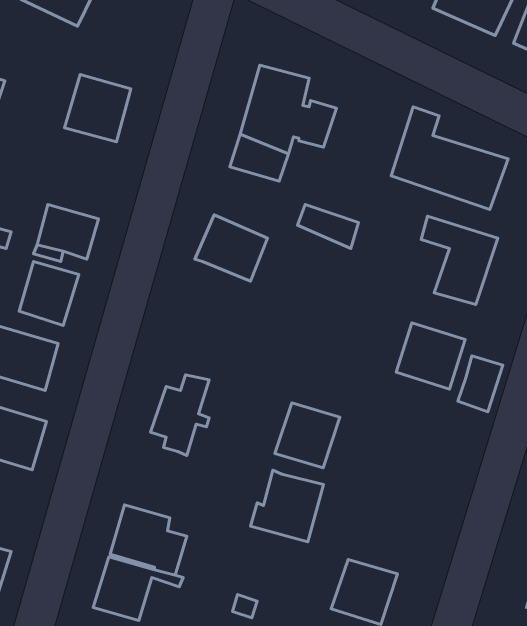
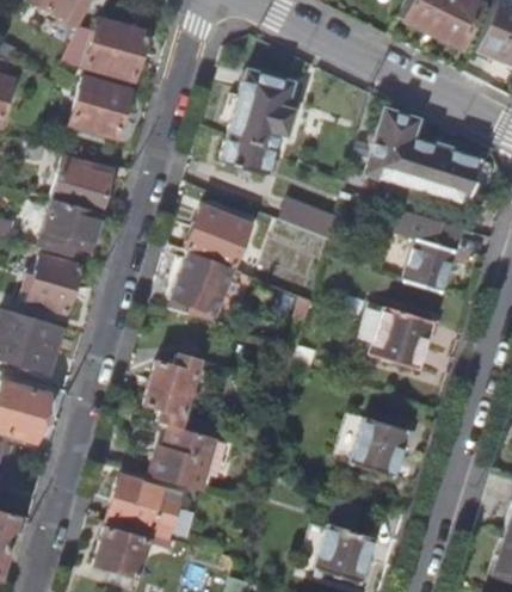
building: none -> [62,19,147,78]
building: none -> [51,160,109,211]
building: none -> [173,251,238,320]
building: [458,356,503,412] -> none
building: [275,403,340,468] -> [351,415,411,475]
building: [251,470,323,542] -> [150,425,217,491]

